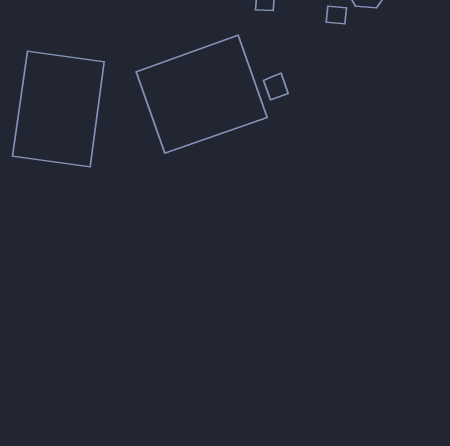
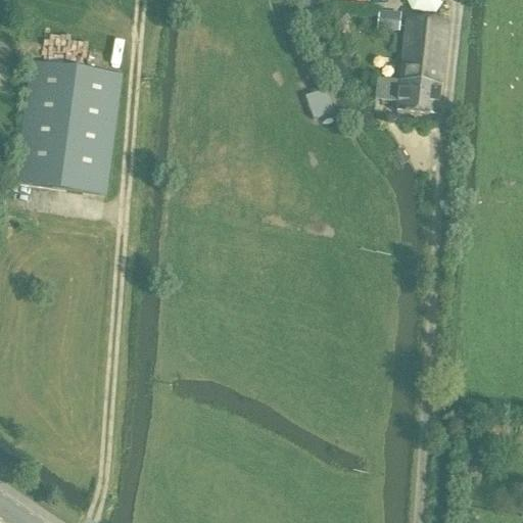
building: none -> [377,15,448,111]
building: [136,35,267,153] -> none

